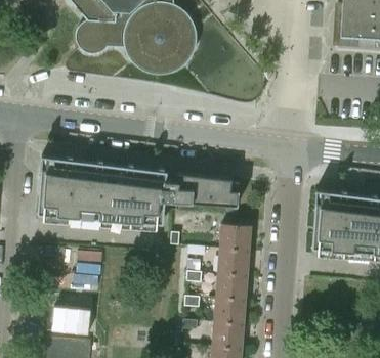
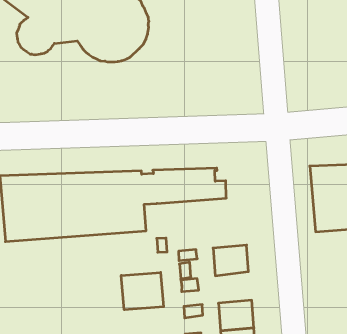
building: [219,223,251,250] -> none
building: none -> [121,272,164,310]
building: [216,272,247,299] -> none

